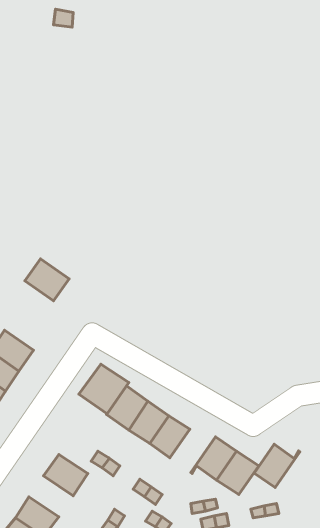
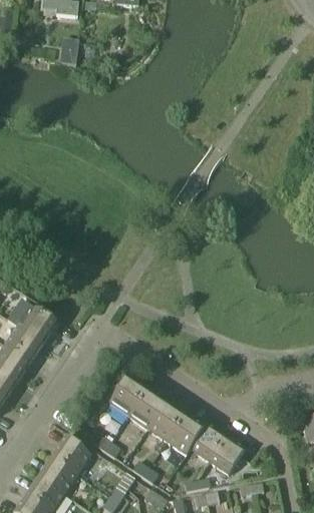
building: [25,259,69,301] -> [16,306,56,344]
building: [79,364,129,414] -> none
building: [254,444,300,488] -> [166,415,207,454]
building: none -> [38,457,78,494]

